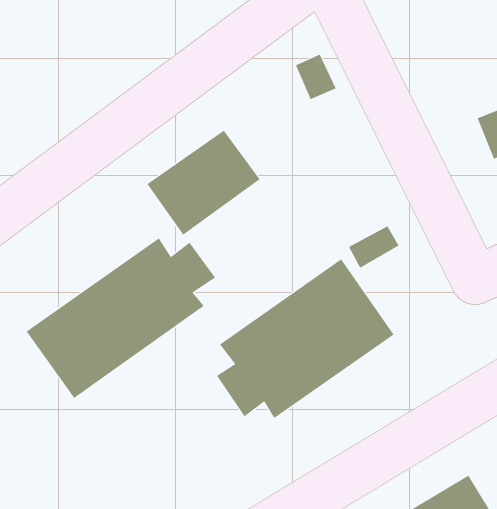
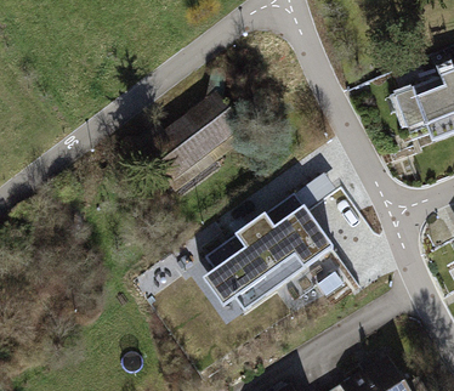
building: [26,237,216,399] -> none

